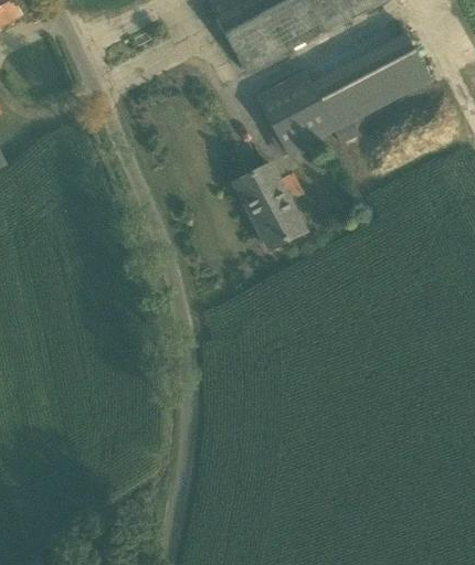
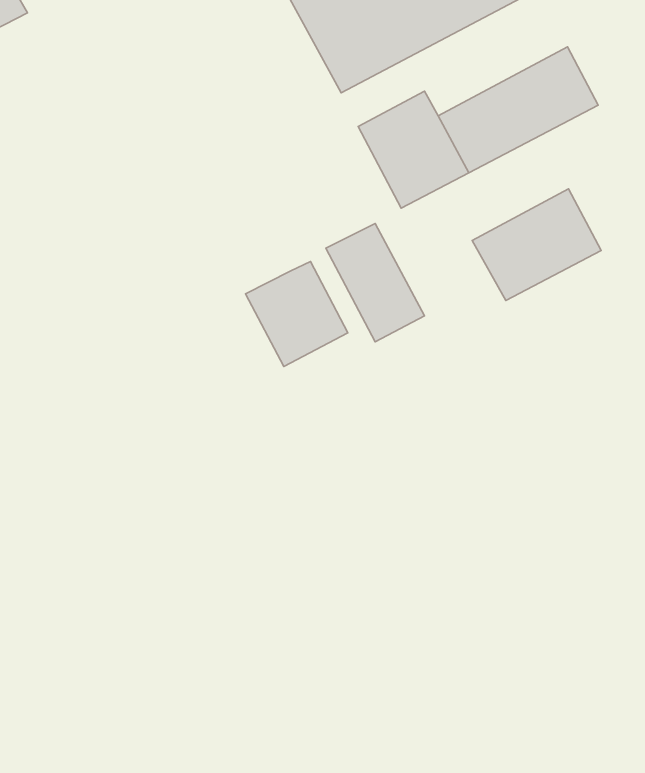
building: none -> [472,189,601,300]
building: none -> [245,261,348,367]

